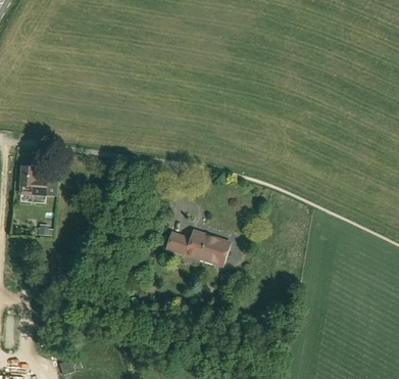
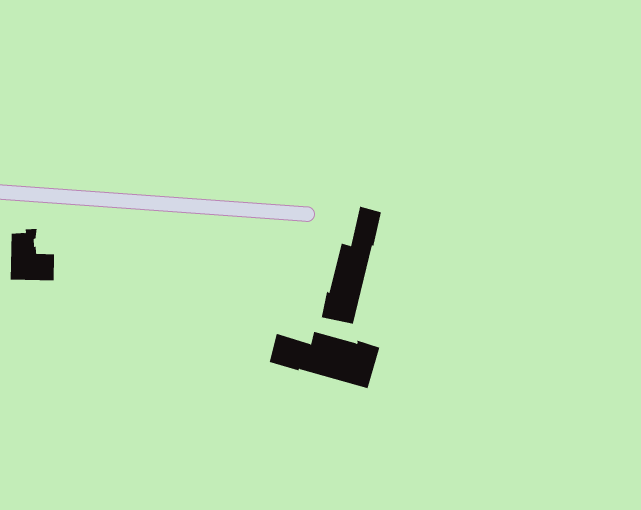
building: none -> [321,206,382,325]

